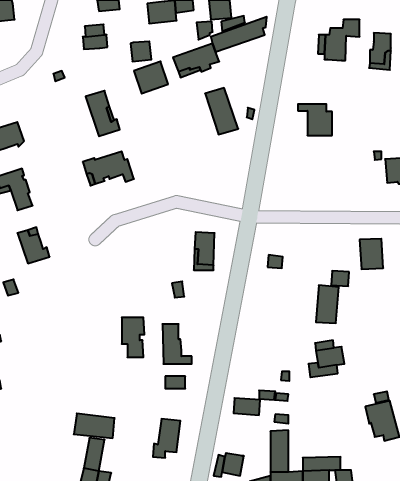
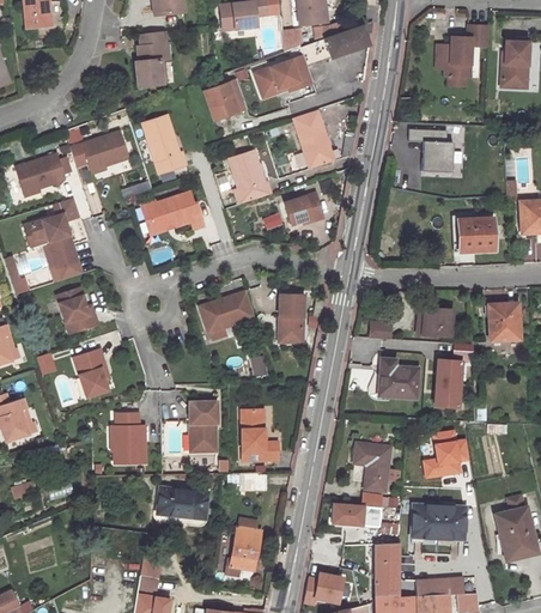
building: [131,41,151,61] -> [136,61,163,86]
building: none -> [69,131,128,169]
building: none -> [229,151,272,200]
building: none -> [285,192,324,224]
building: none -> [461,217,497,251]
building: none -> [199,290,255,329]
building: none -> [418,305,454,335]
building: none -> [73,347,108,396]
building: none -> [378,358,418,399]
building: none -> [113,412,145,462]
building: none -> [353,442,390,491]
building: none -> [409,503,468,539]
building: [74,413,115,438] -> [158,486,209,517]

